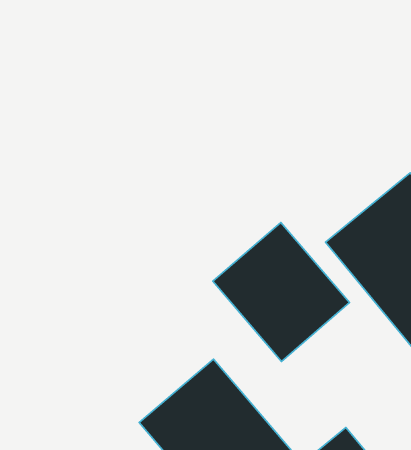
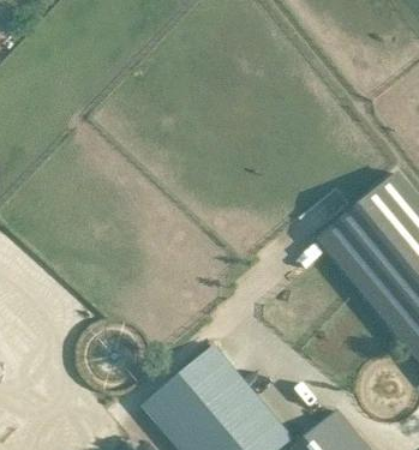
building: [213,222,349,361] -> none

